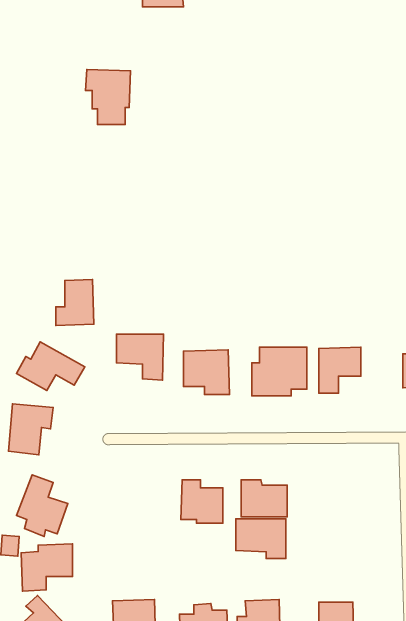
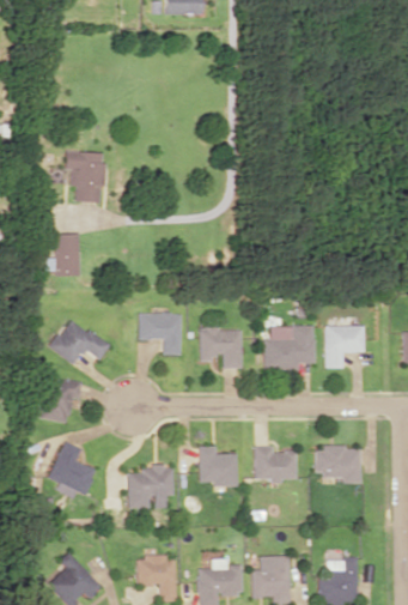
building: [86,69,130,125] -> [65,152,105,202]
building: [56,279,94,325] -> [45,234,80,276]
building: [236,519,286,558] -> [315,448,360,484]
building: [21,544,72,591] -> [128,466,175,509]

